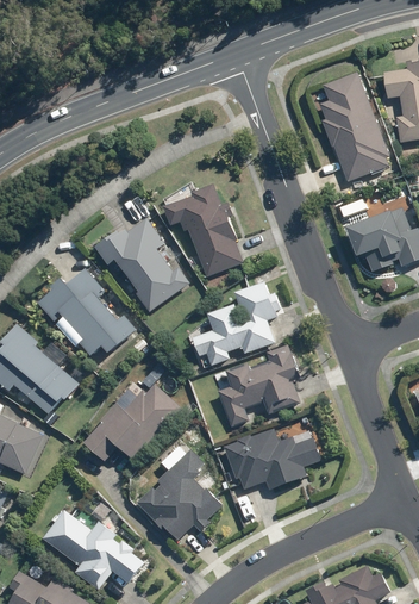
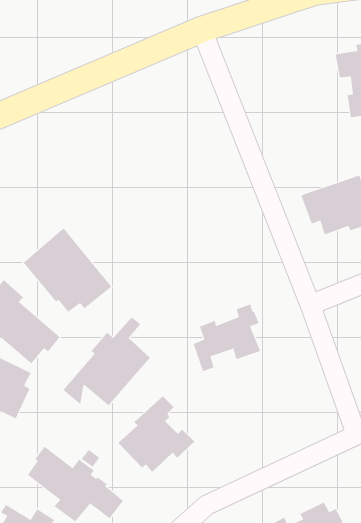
building: [319,71,392,182] -> none
building: [161,185,242,276] -> none
building: [94,220,188,312] -> none
building: [196,282,282,362] -> none
building: [229,430,320,485] -> none

